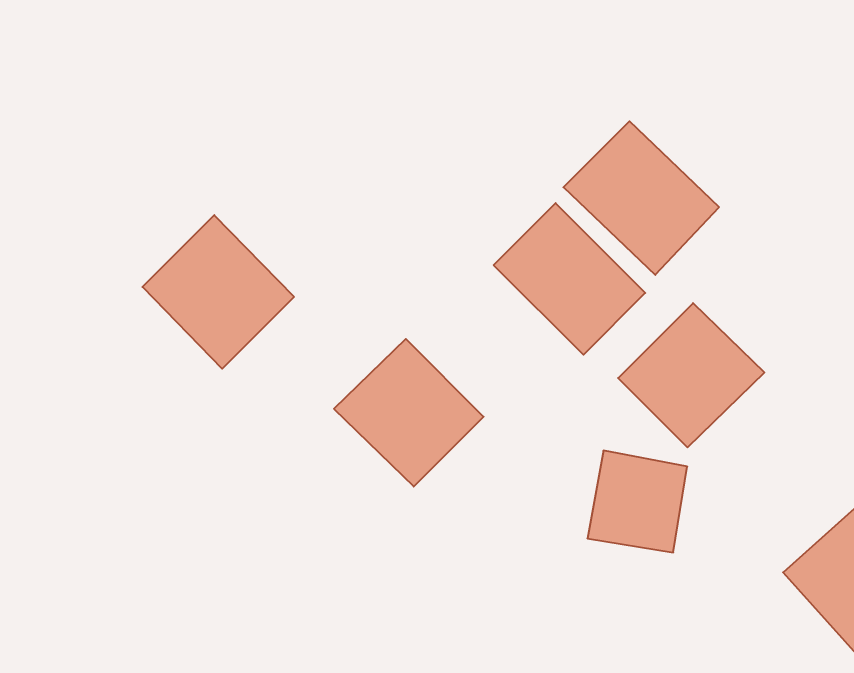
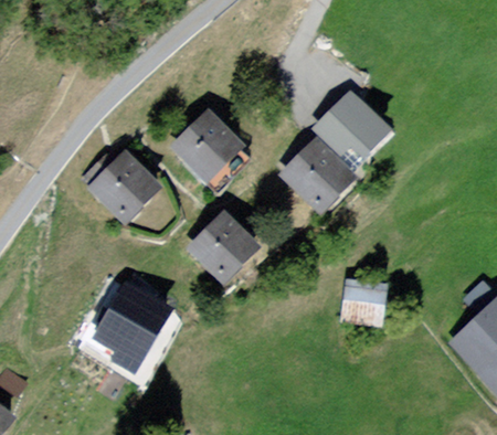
building: none -> [169,107,247,185]
building: [618,303,764,447] -> none
building: none -> [87,278,175,368]

